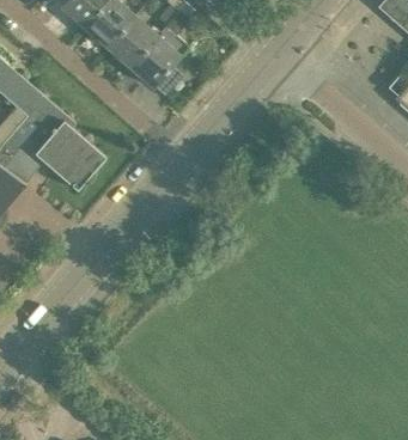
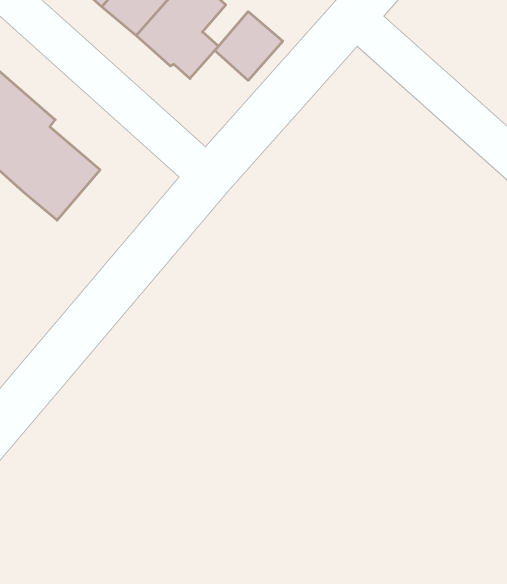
building: none -> [215,12,283,80]

